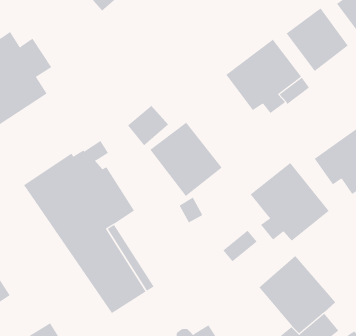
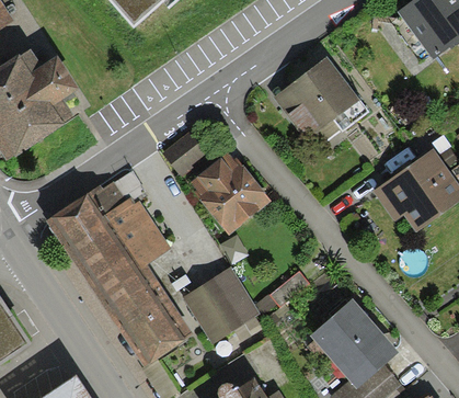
building: [286,8,349,72] -> none
building: [250,162,329,242] -> none
building: none -> [182,266,260,343]

